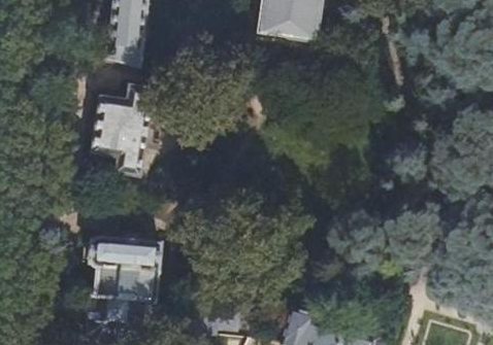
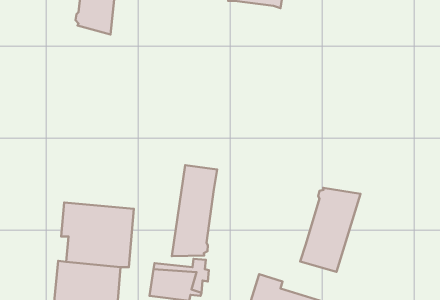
building: [90,84,155,176] -> none
building: none -> [172,165,217,256]
building: none -> [300,188,360,272]

